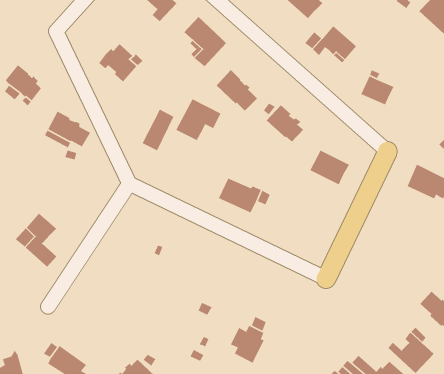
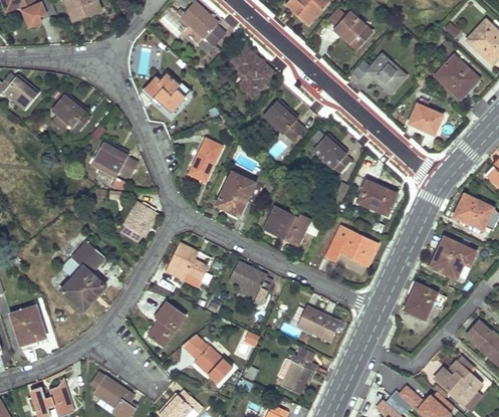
building: none -> [435,56,478,98]
building: [175,98,221,141] -> [216,172,262,215]
building: none -> [123,203,158,240]
building: none -> [327,225,378,264]
building: none -> [431,237,475,277]
building: none -> [166,242,208,279]
building: none -> [230,261,272,302]
building: none -> [61,277,94,309]
building: none -> [405,283,446,318]
building: none -> [149,302,185,346]
building: none -> [300,305,340,341]
building: none -> [192,341,233,383]

